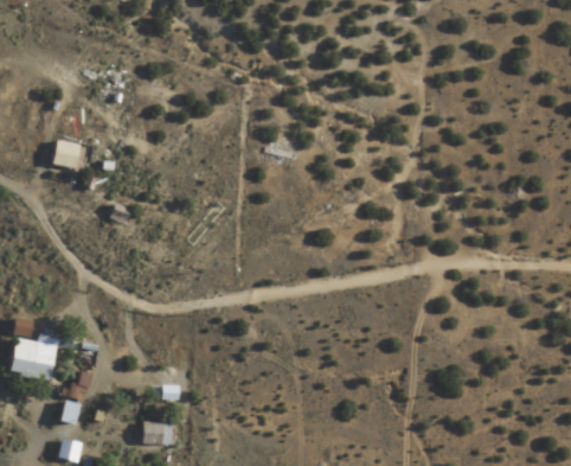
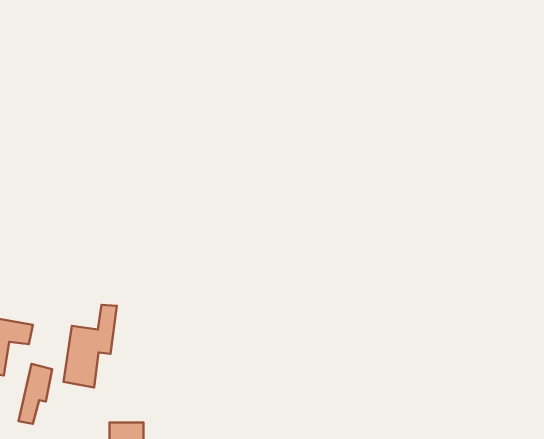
building: [54,142,78,167] -> none
building: none -> [64,305,117,387]

